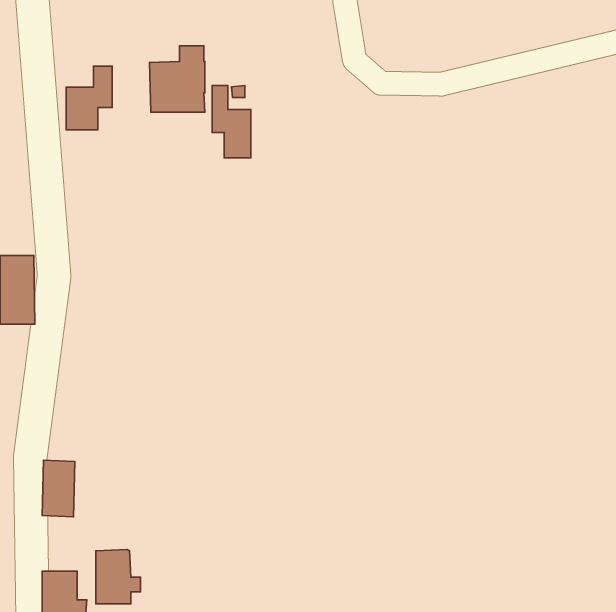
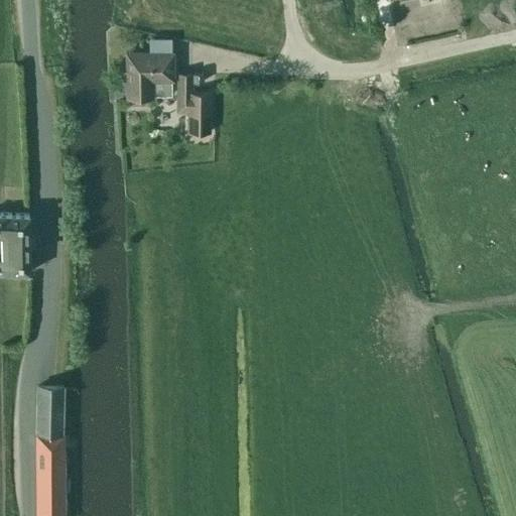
building: [66,66,112,130] -> none
building: [96,550,140,604] -> [35,435,73,481]

